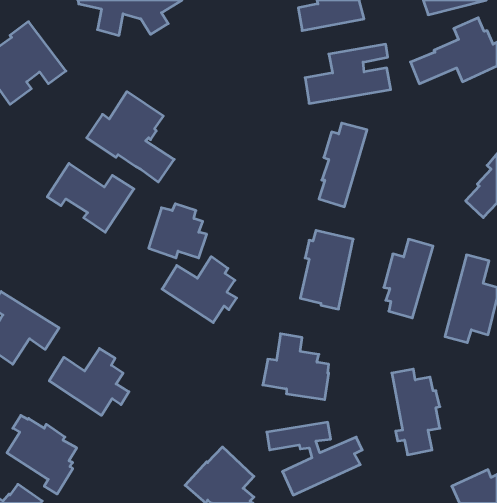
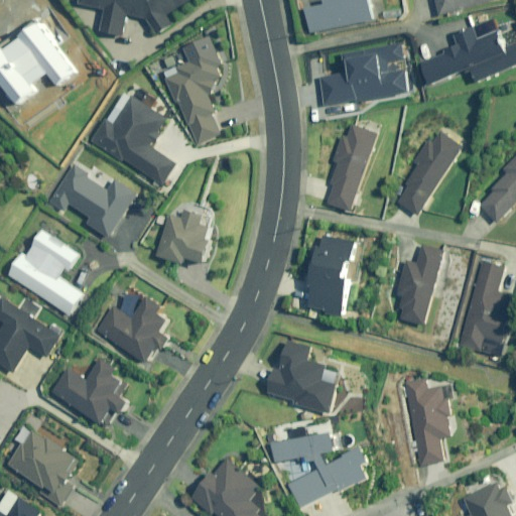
building: none -> [162,28,222,145]
building: none -> [395,131,461,216]
building: none -> [8,230,84,315]
building: [162,257,237,323] -> [96,296,172,364]

